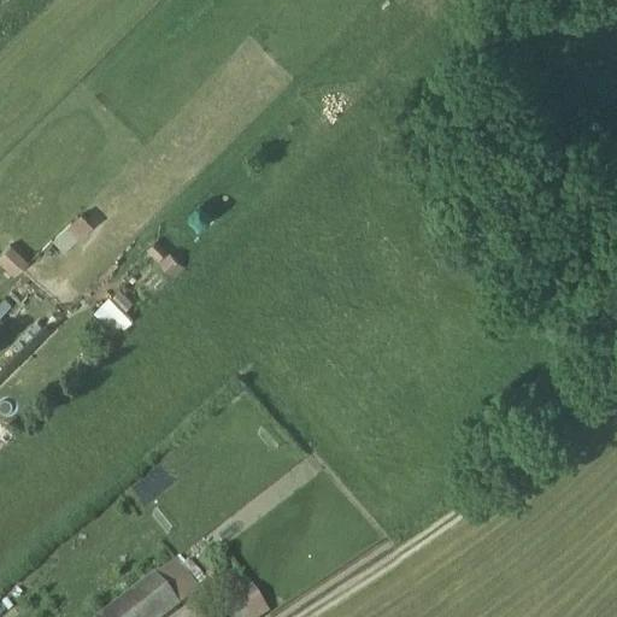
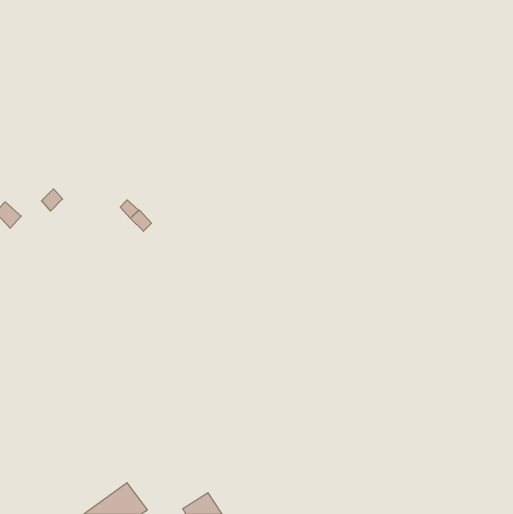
building: [152,559,198,609] -> none

